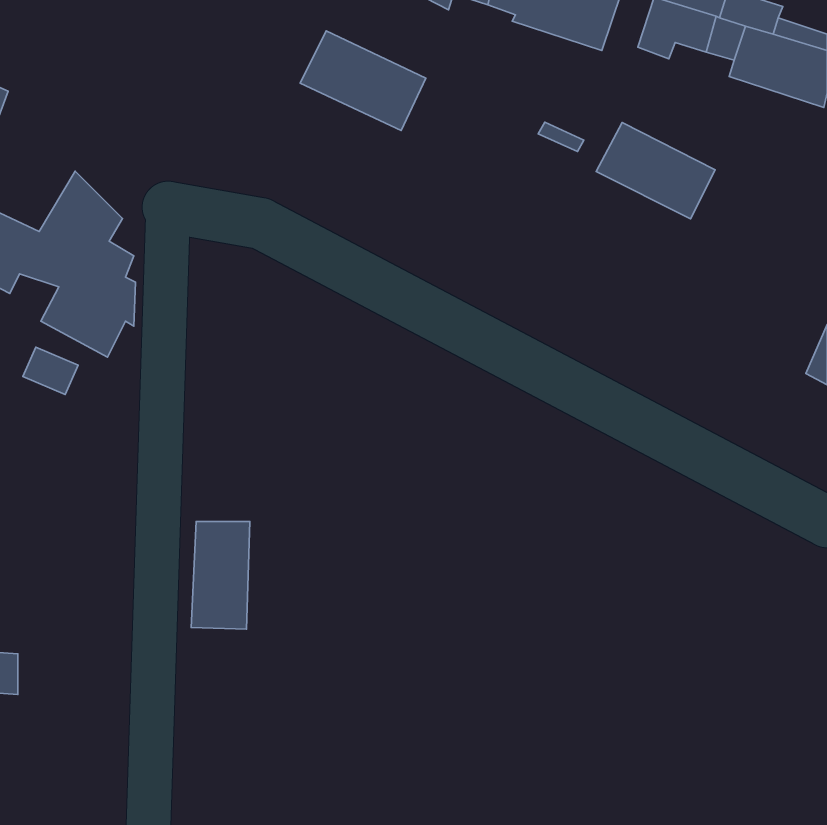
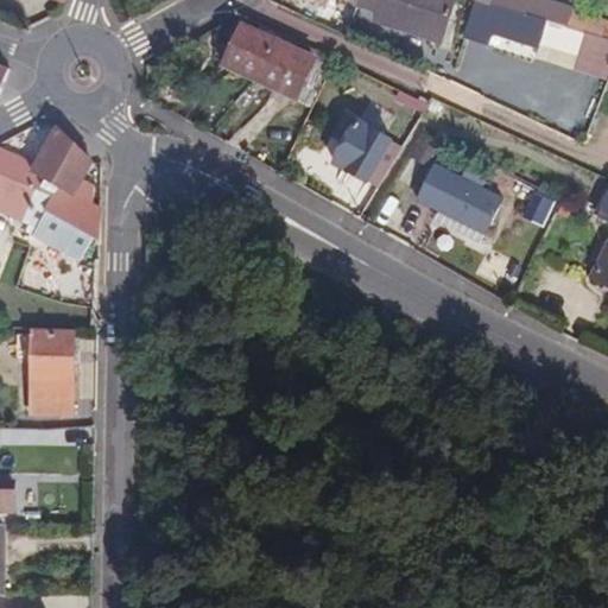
building: [596,123,715,219] -> [416,164,502,234]
building: none -> [331,119,399,185]
building: [191,522,250,629] -> [30,330,72,408]

